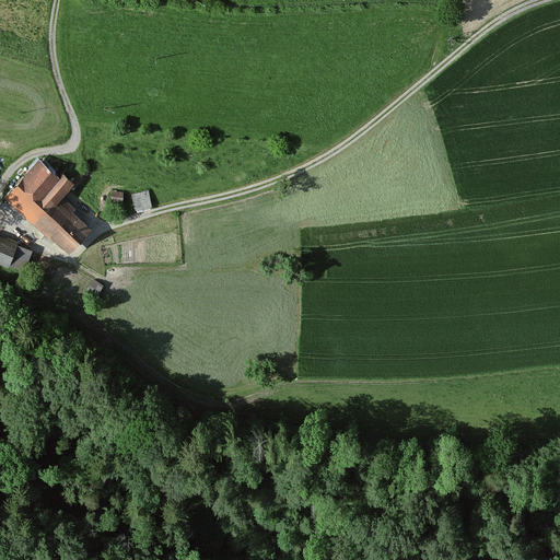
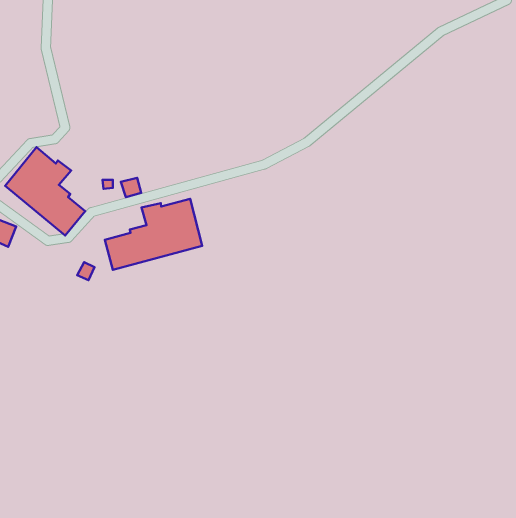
building: none -> [105,199,202,270]

